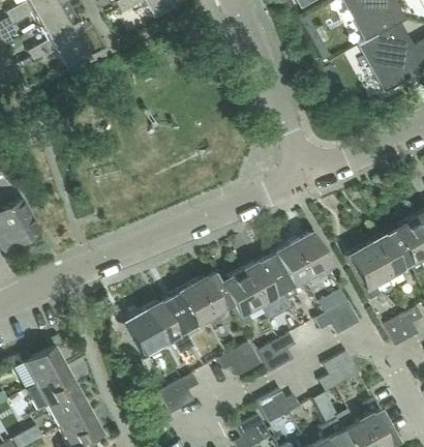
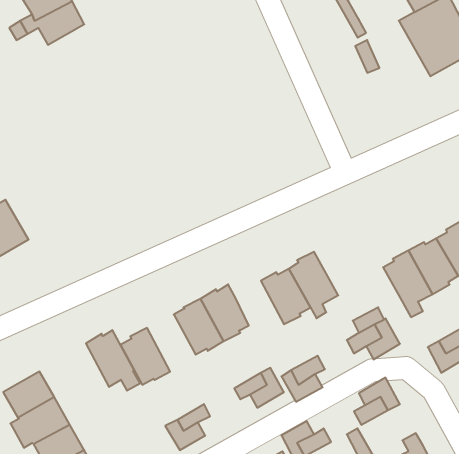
building: [286,232,333,280] -> none
building: [219,268,261,328] -> none
building: [144,297,190,349] -> [86,330,140,391]

